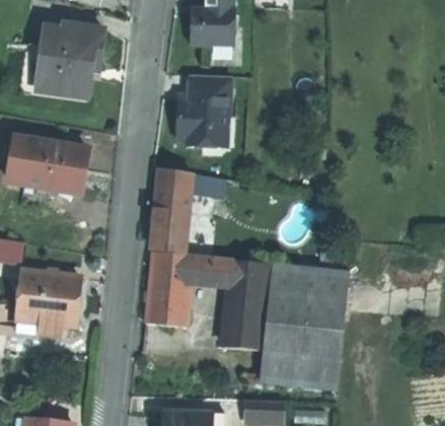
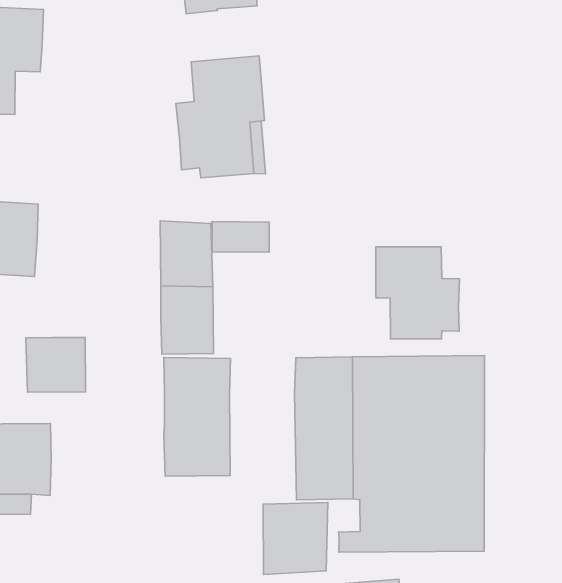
building: none -> [376,247,459,339]
building: none -> [26,337,85,392]
building: [191,256,233,281] -> none
building: none -> [263,502,328,575]

